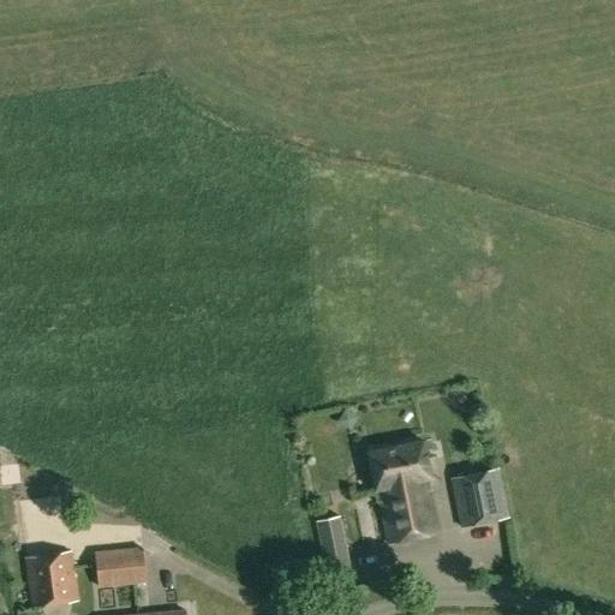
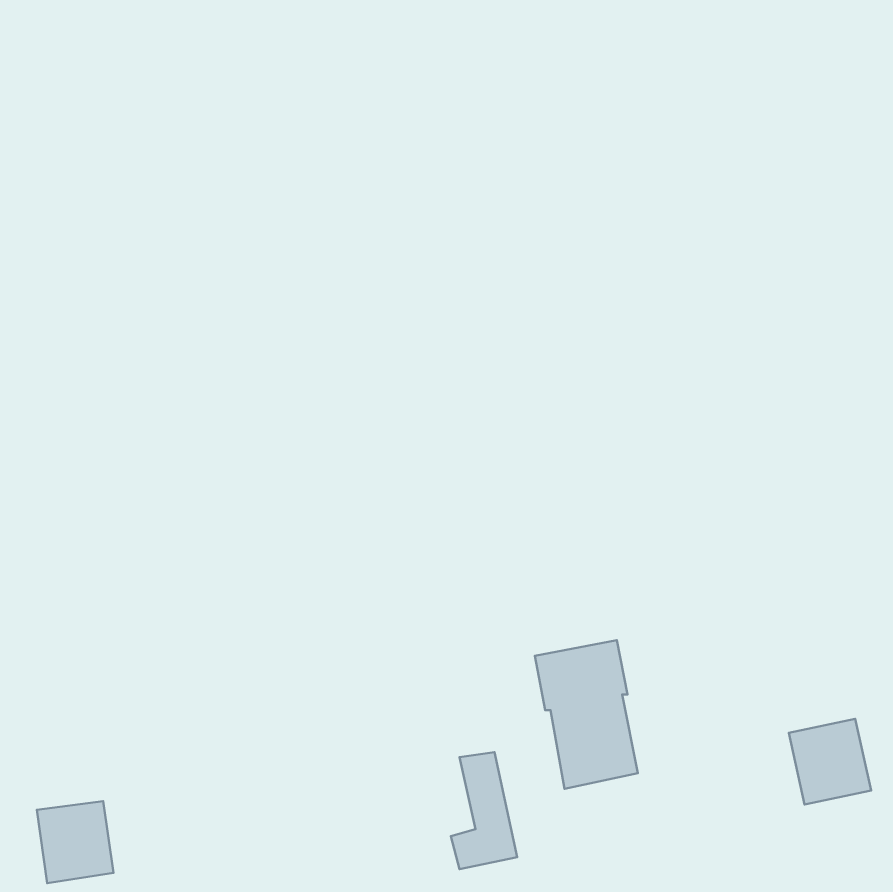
building: [452,467,508,526] -> [789,719,871,805]
building: [95,547,147,586] -> none

